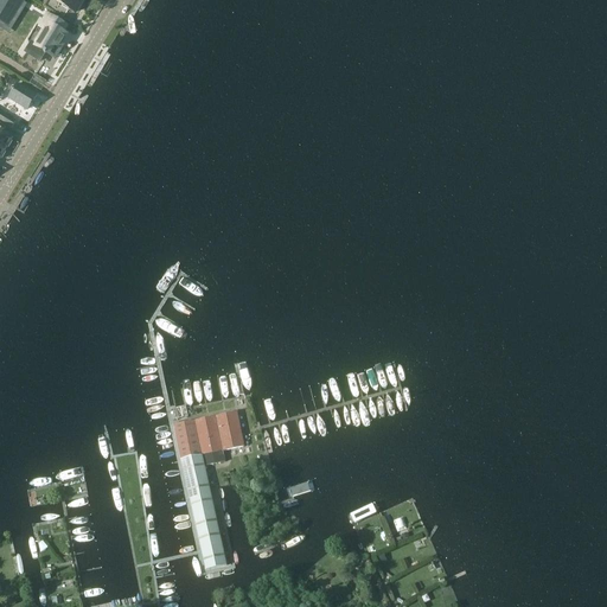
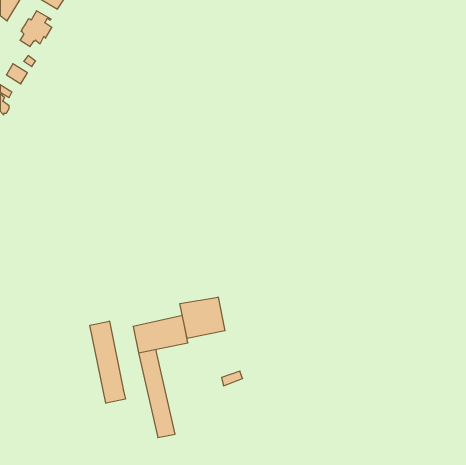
building: none -> [180,297,225,338]
building: none -> [90,321,125,403]

